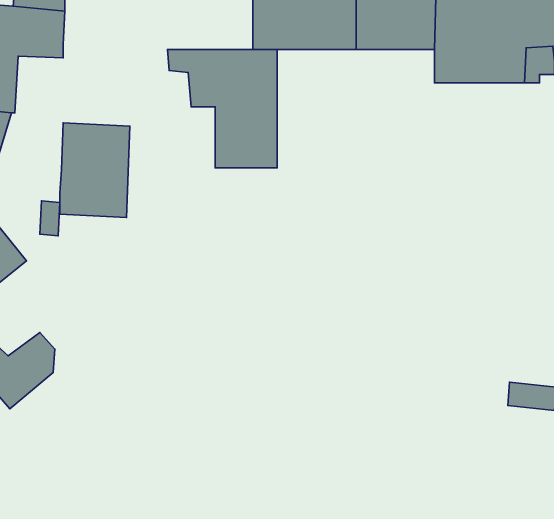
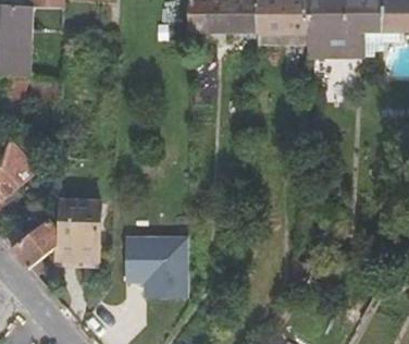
building: [167,49,277,168] -> none
building: [60,123,130,218] -> [57,199,102,261]
building: none -> [126,232,190,295]

